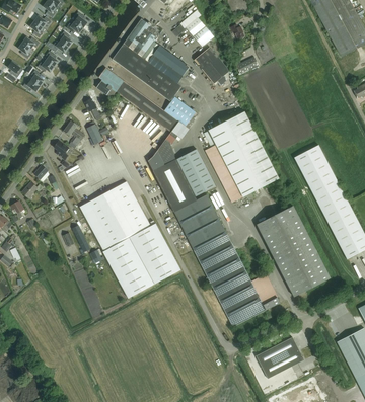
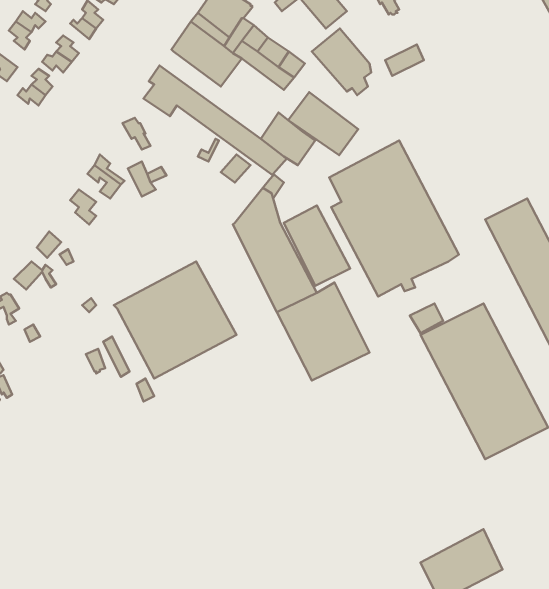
building: [140,64,180,100] -> [288,92,358,155]
building: [102,223,179,298] -> none
building: [193,234,279,326] -> none

